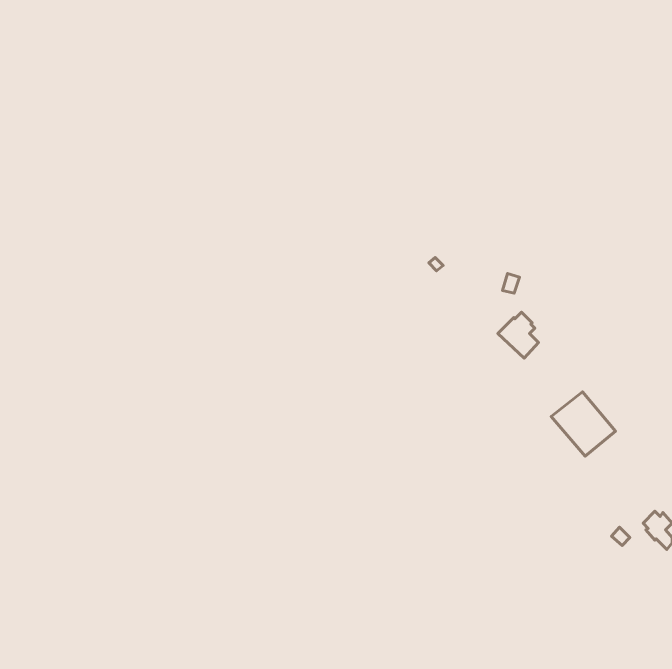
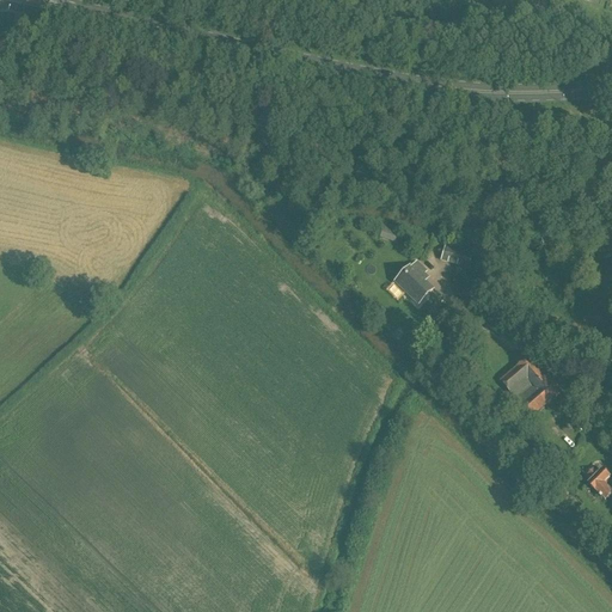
building: [498,312,539,358] -> [394,261,432,302]

